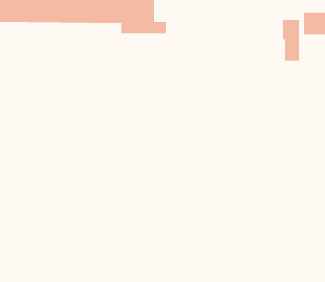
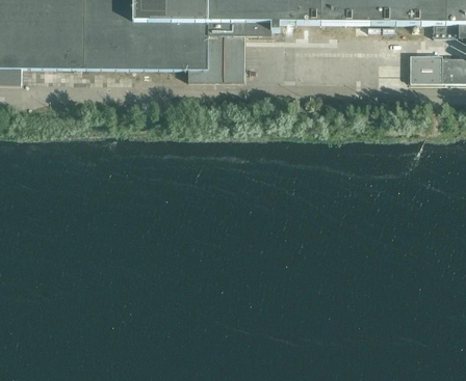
building: [282,19,300,61] -> none

